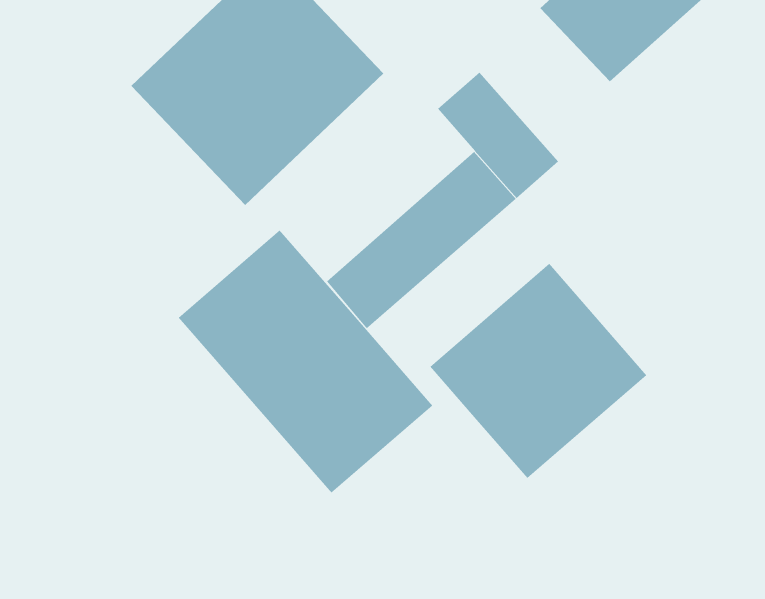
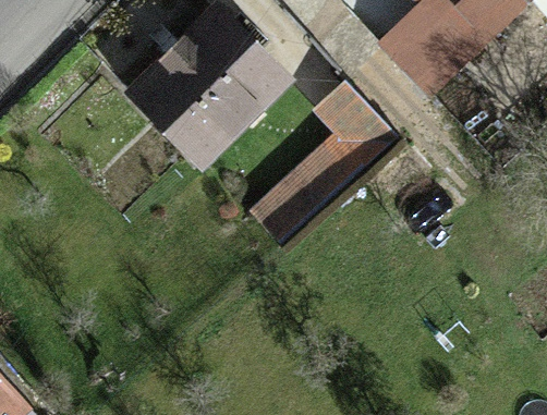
building: [178,229,433,494] -> none
building: [430,263,647,479] -> none

